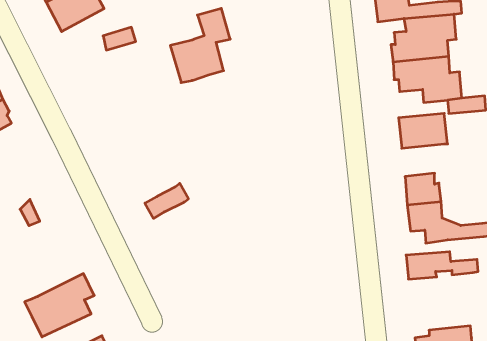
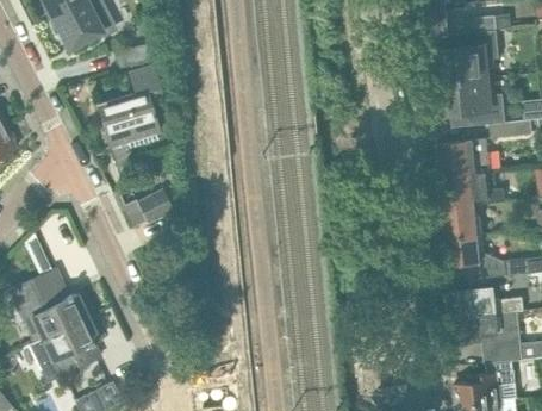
building: [170,8,230,83] -> [98,64,163,145]
building: none -> [440,172,505,207]
building: [145,183,188,218] -> [124,189,172,228]
building: none -> [8,268,92,342]
building: none -> [447,310,523,363]

